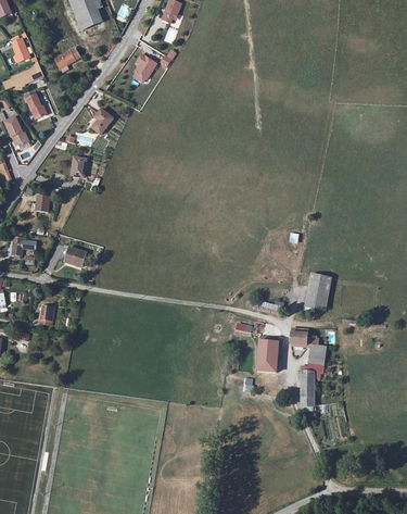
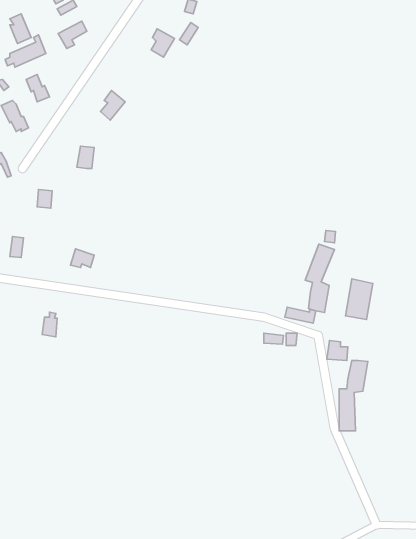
building: none -> [305,244,335,313]
building: [257,335,283,372] -> none

